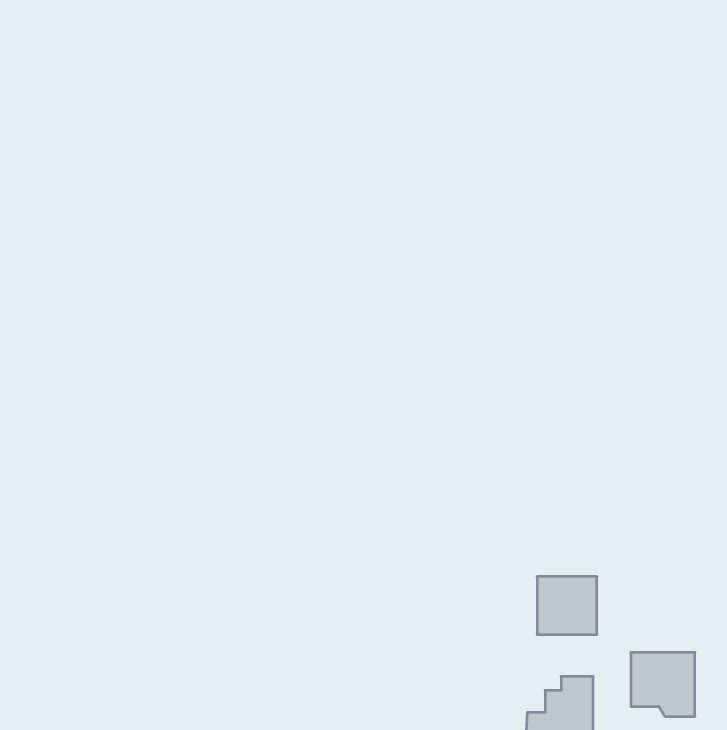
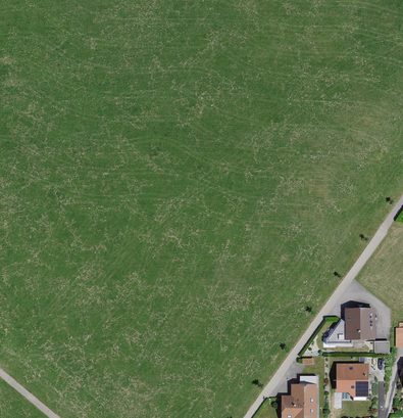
building: [537,577,597,634] -> [345,310,375,339]

